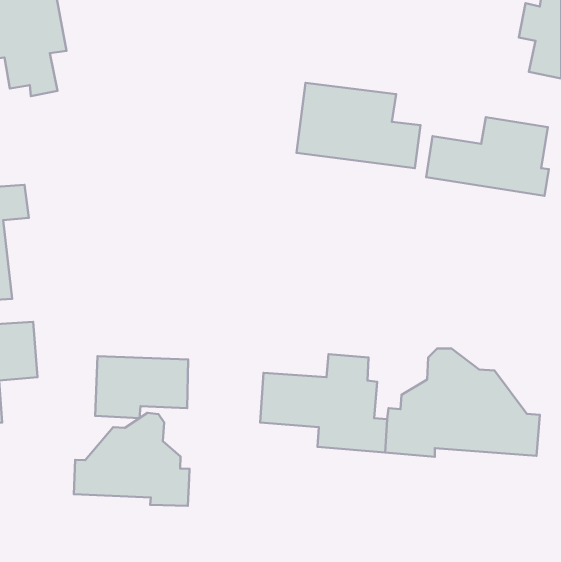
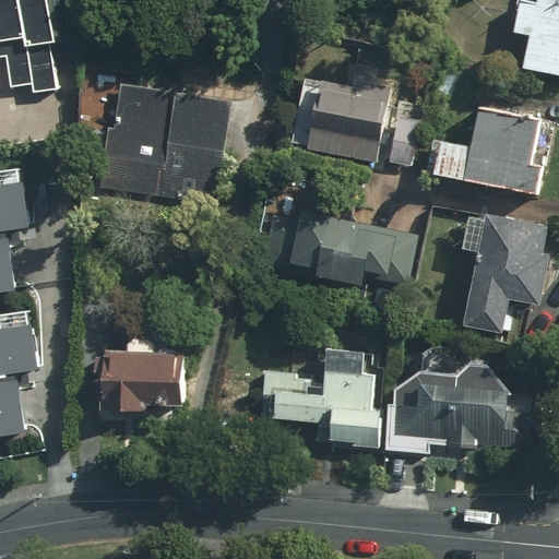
building: none -> [92,81,234,191]
building: none -> [264,206,423,293]
building: none -> [461,213,548,336]
building: [74,413,189,506] -> none

